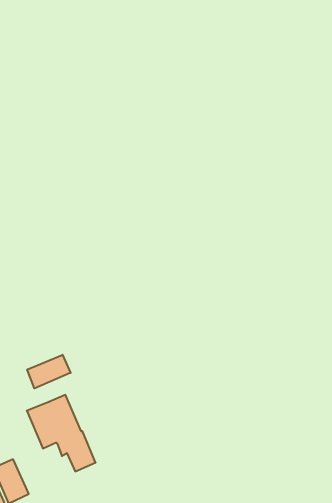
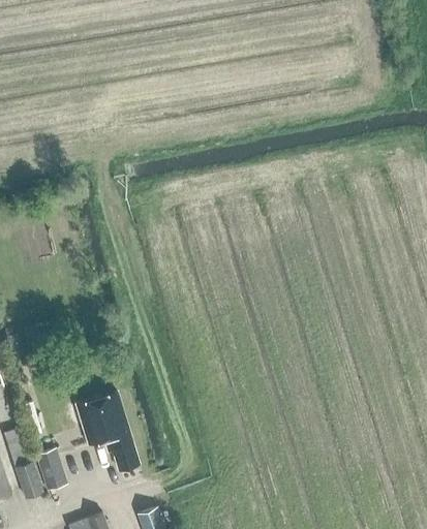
building: [27,355,71,388] -> none

